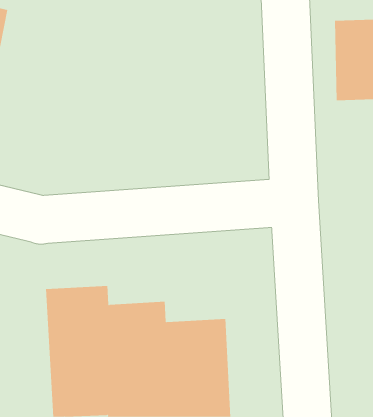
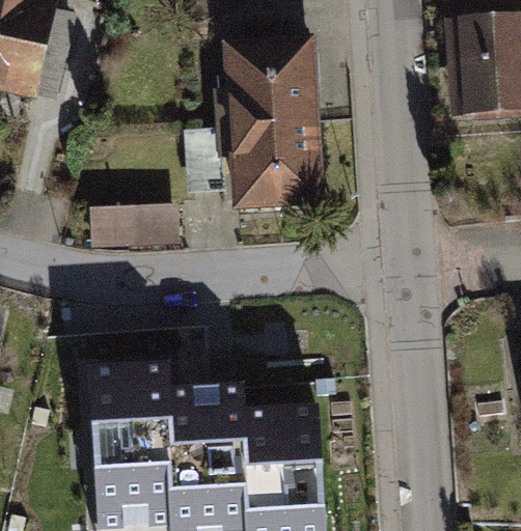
building: none -> [215,39,323,208]
building: none -> [97,204,182,250]

